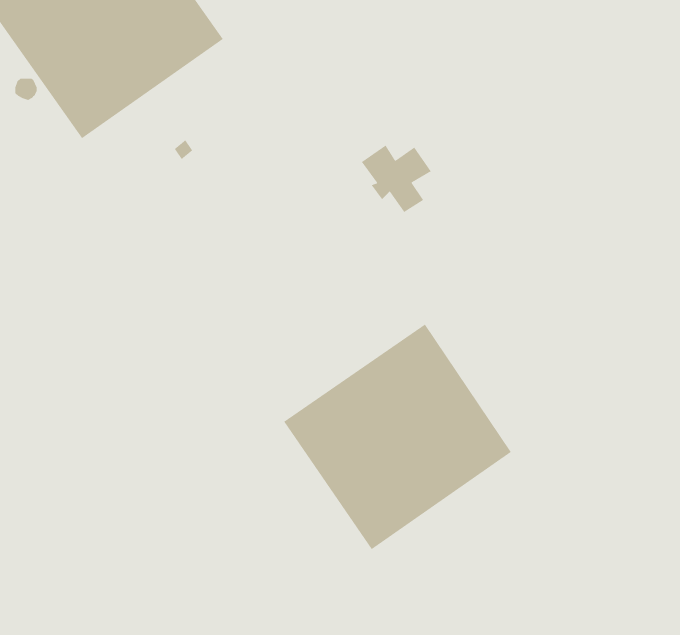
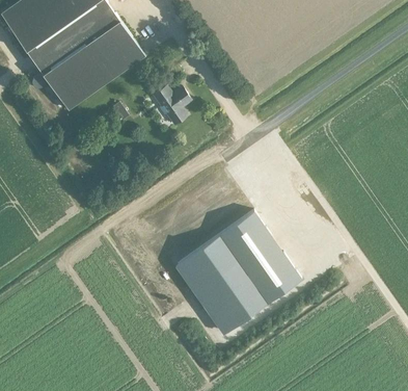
building: [361,144,432,214] -> [153,86,191,124]

